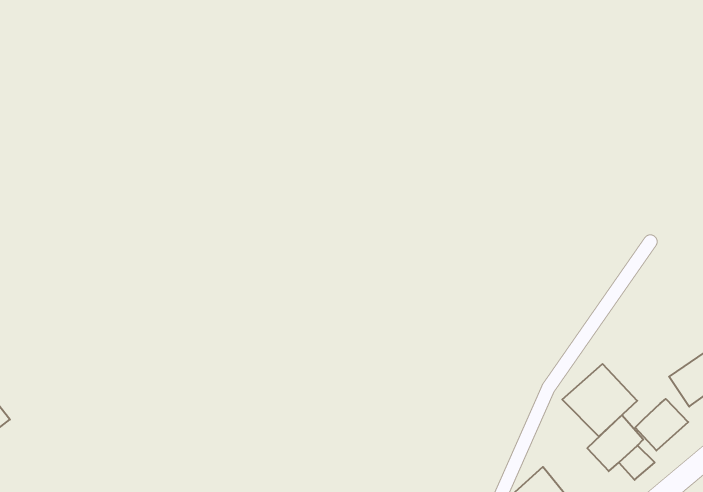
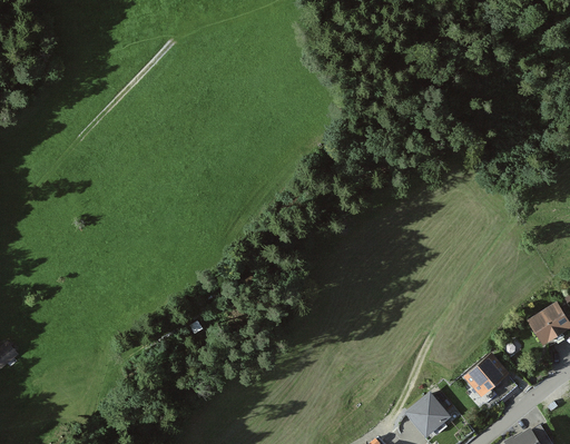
building: [562,364,637,437] -> none
building: [635,399,688,451] -> none

